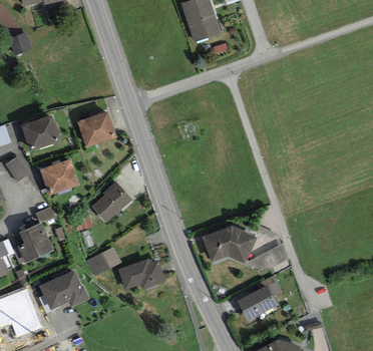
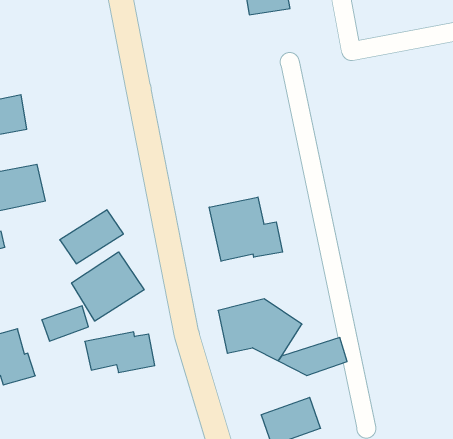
building: [77,111,114,144] -> none
building: none -> [209,197,283,261]
building: none -> [72,252,144,321]

